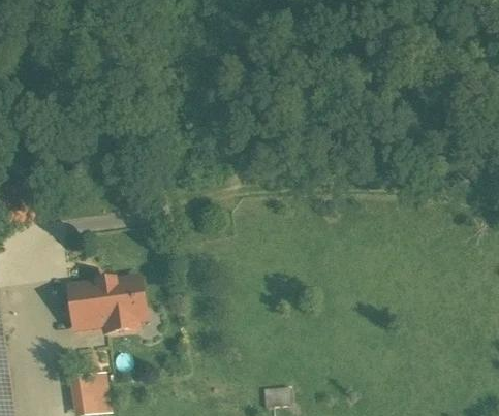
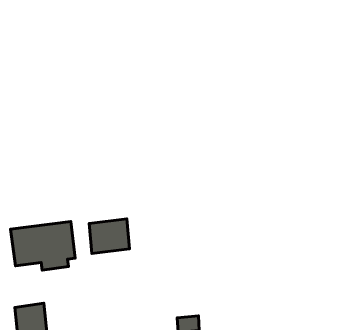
building: none -> [89,219,129,253]

